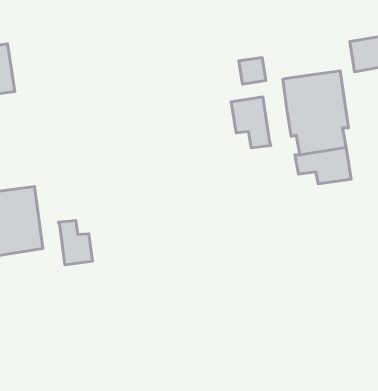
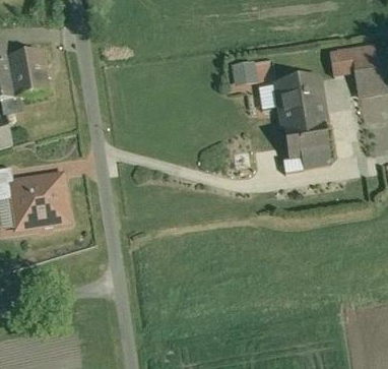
building: [231,97,271,148] -> none
building: [59,220,93,265] -> none

